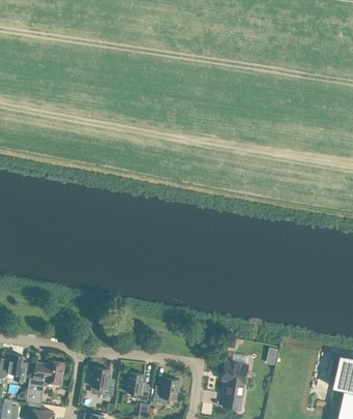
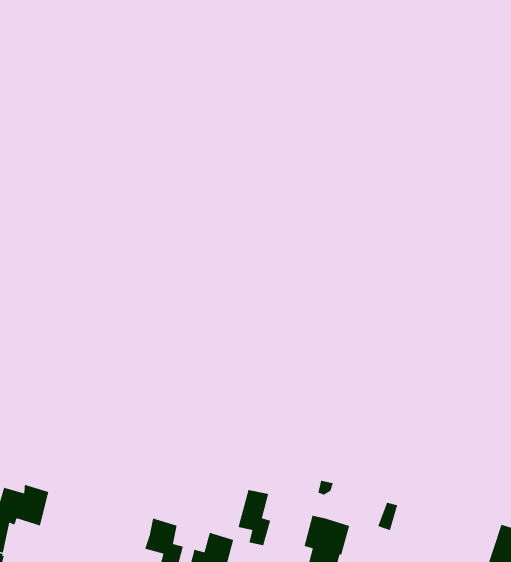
building: none -> [237,489,271,546]
building: [91,367,115,396] -> none

